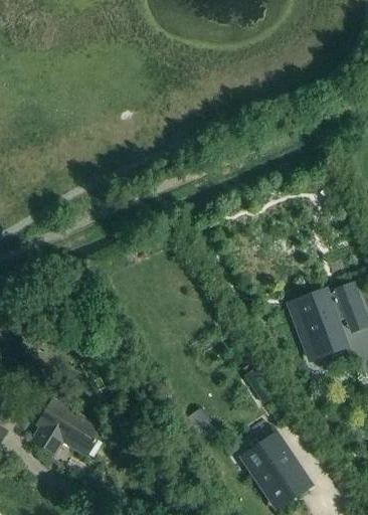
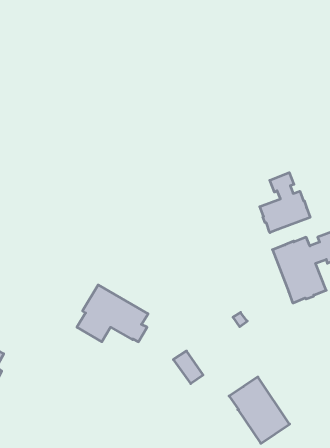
building: none -> [260,173,310,233]
building: [28,397,103,457] -> [77,285,148,342]

